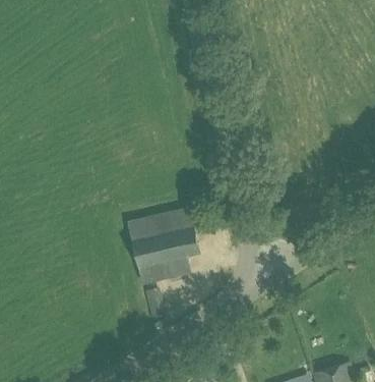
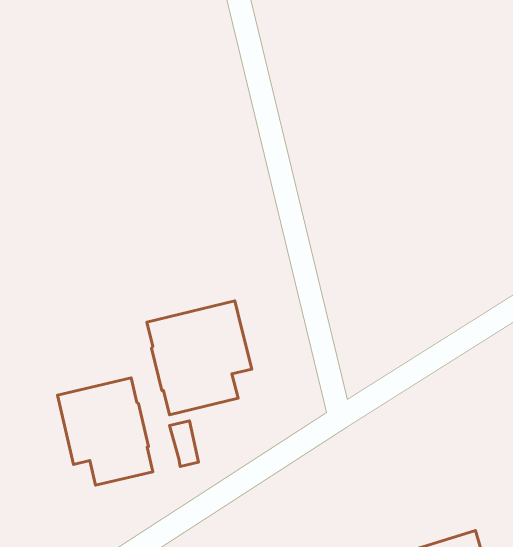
building: none -> [57,378,153,485]

